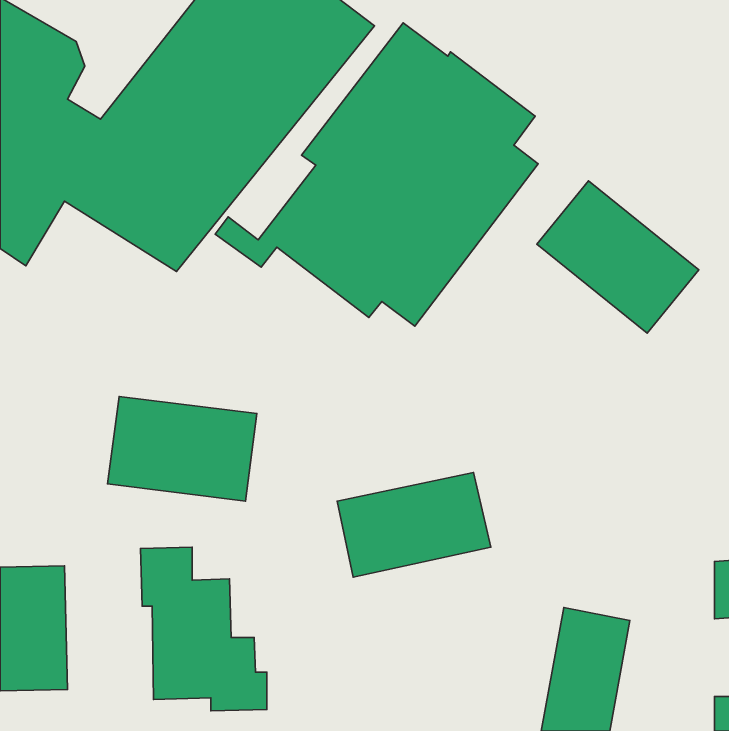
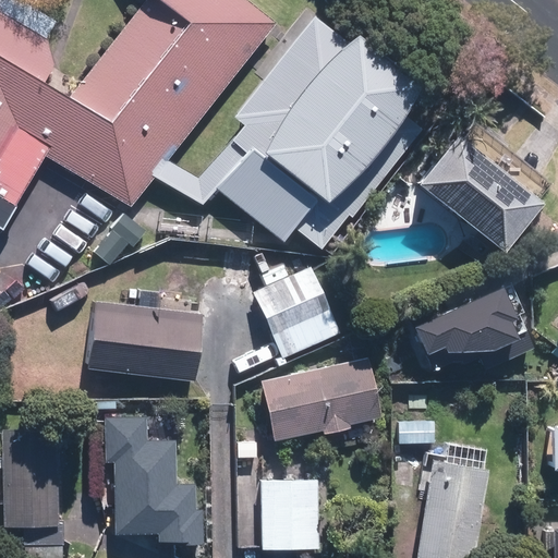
building: none -> [253,270,331,355]
building: none -> [407,289,530,377]
building: none -> [260,481,315,547]

